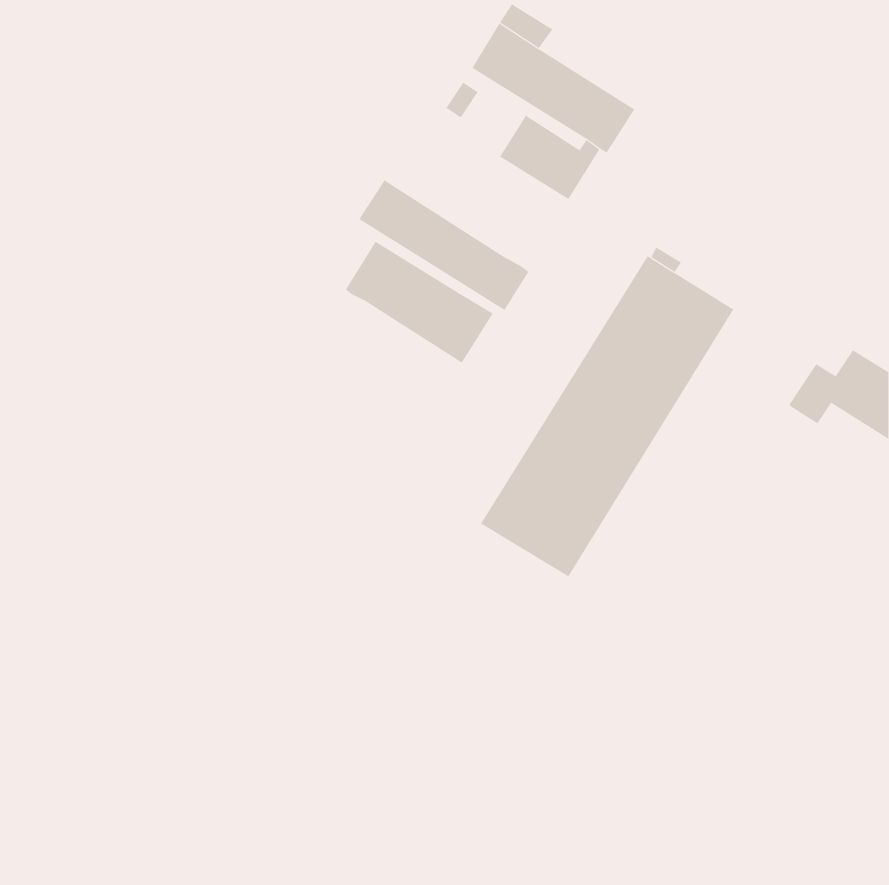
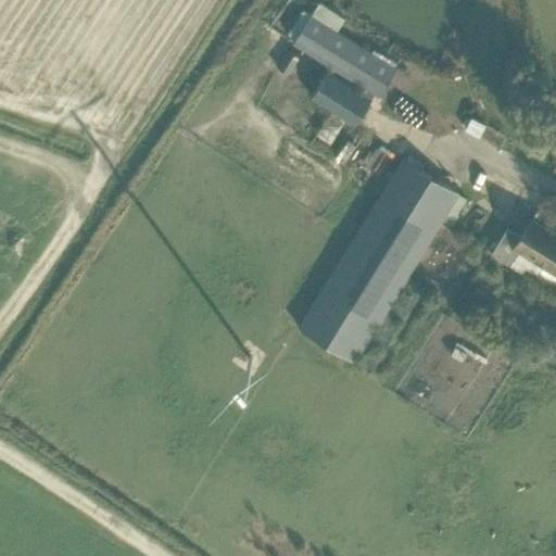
building: [358,180,529,311] -> none
building: [345,241,494,363] -> none

